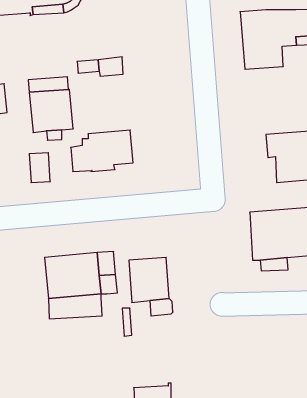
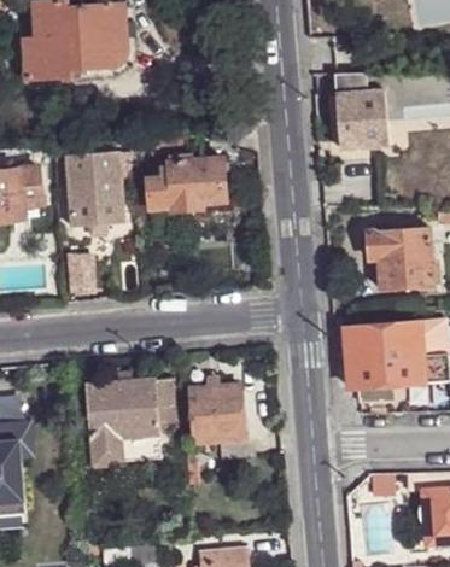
building: [71,130,133,171] -> [146,157,224,209]

